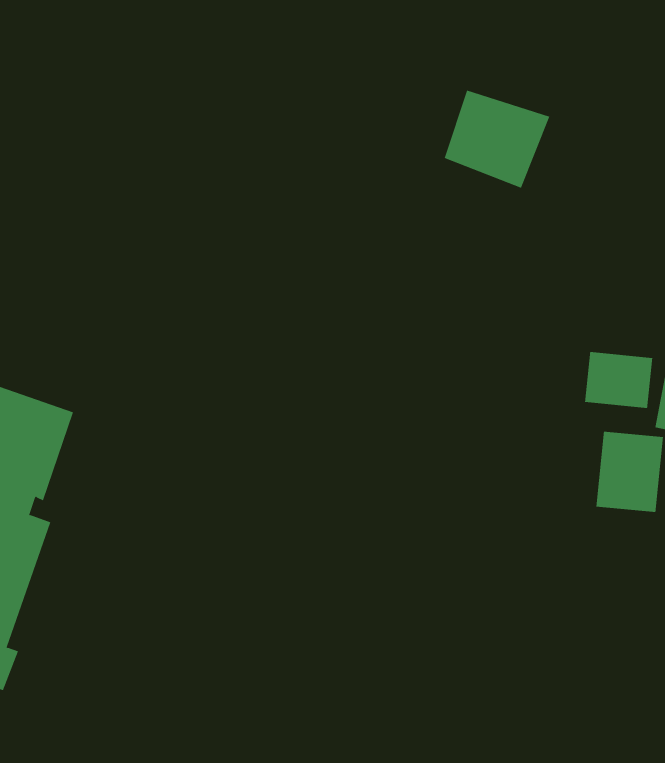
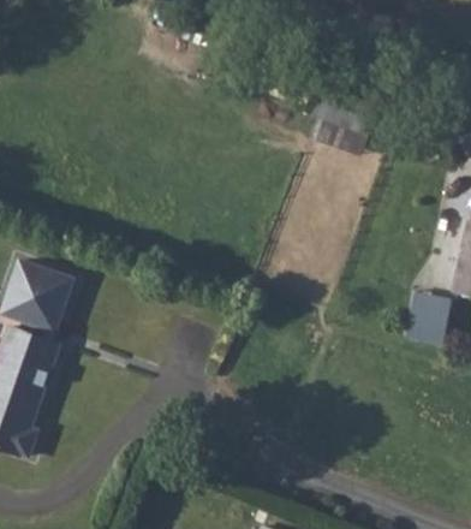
building: [584,351,653,409] -> none

